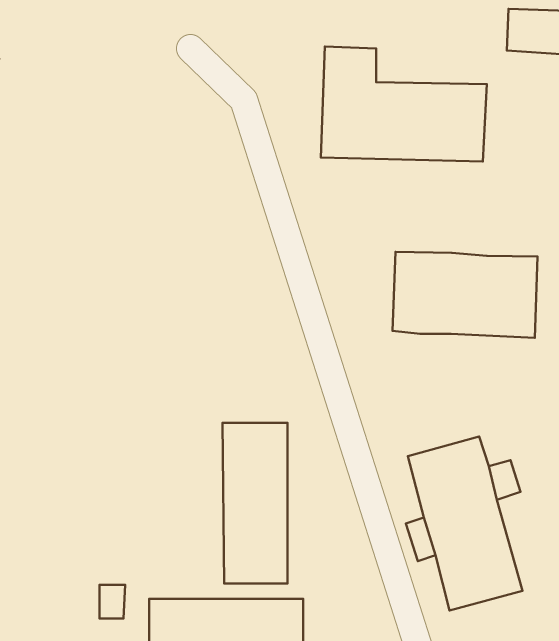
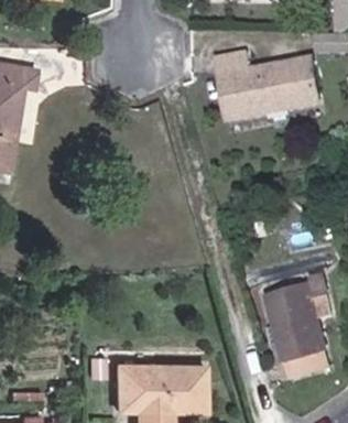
building: [392,252,538,338] -> none
building: [223,423,288,584] -> none

